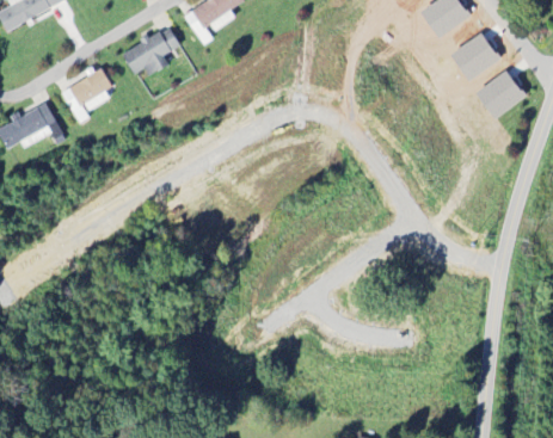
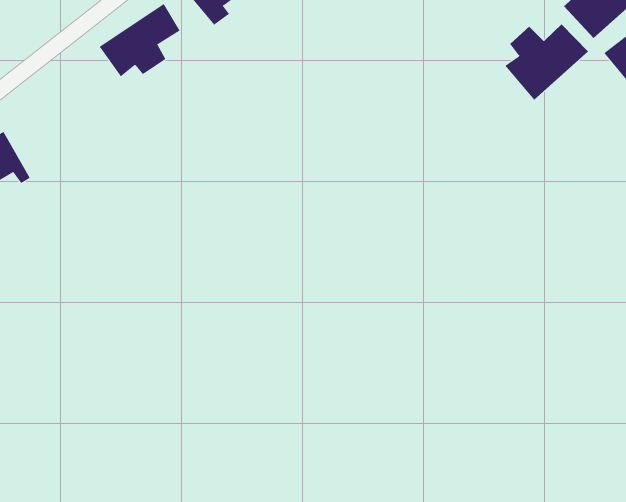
building: none -> [505,23,589,100]
building: [62,68,117,123] -> none

